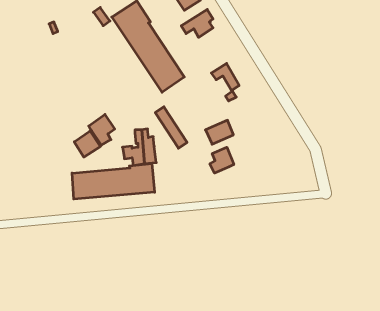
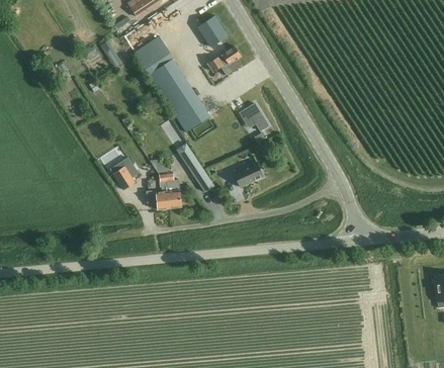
building: [74,131,100,157] -> none
building: [210,147,234,173] -> none
building: [72,163,155,199] -> none

